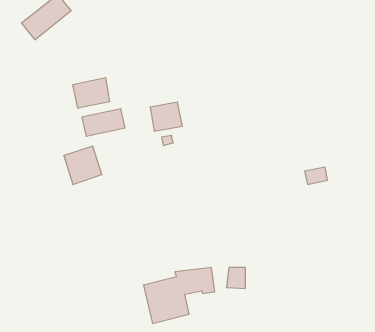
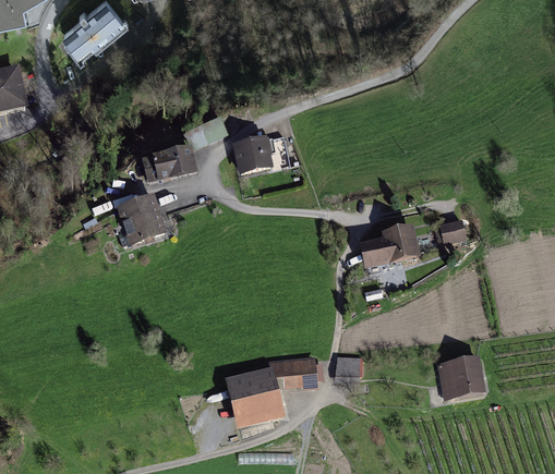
building: [73,78,110,108] -> none
building: none -> [361,226,420,267]
building: none -> [438,357,486,400]

